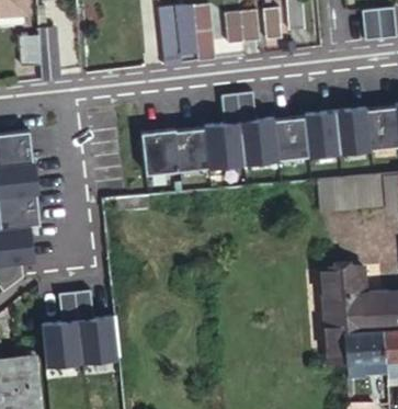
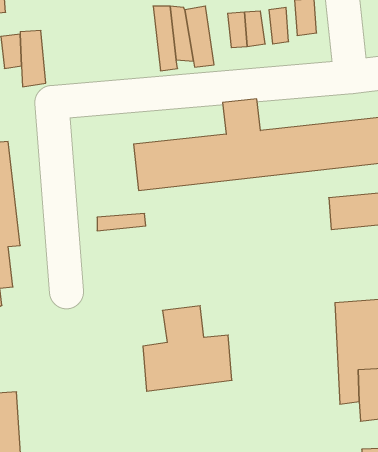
building: [42,288,122,365] -> [143,306,232,391]

